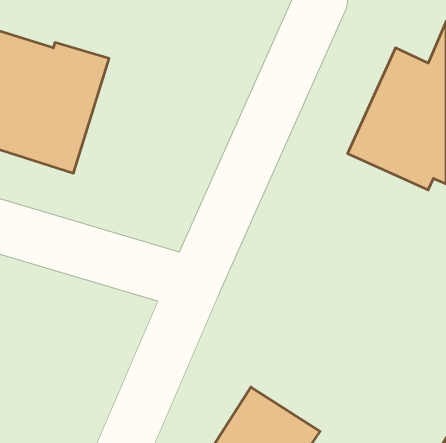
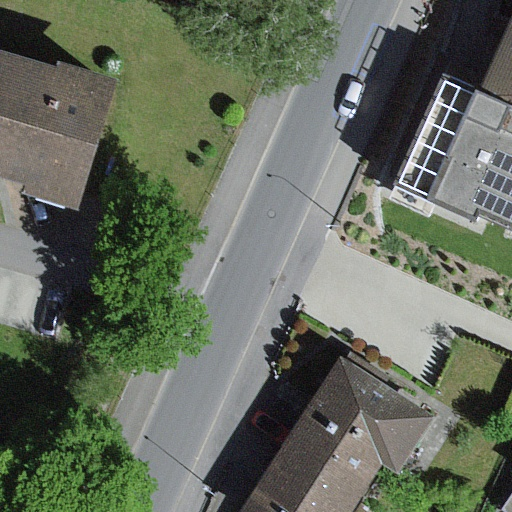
building: none -> [283,360,433,498]

